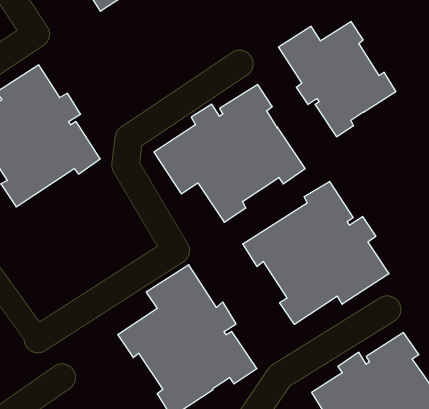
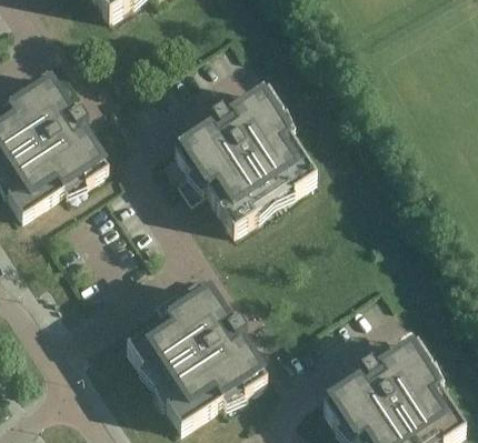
building: [279,21,396,137] -> none
building: [243,181,389,324] -> none

